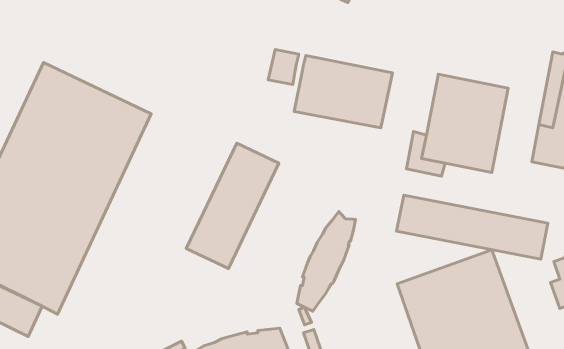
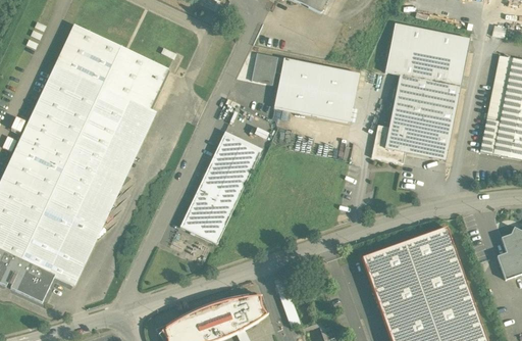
building: none -> [56,23,168,109]
building: none -> [385,23,470,87]
building: [396,195,548,259] -> none
building: [297,212,356,311] -> none

